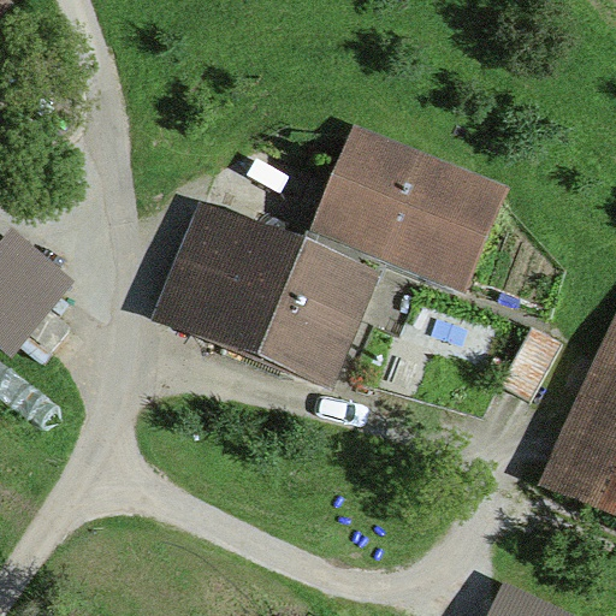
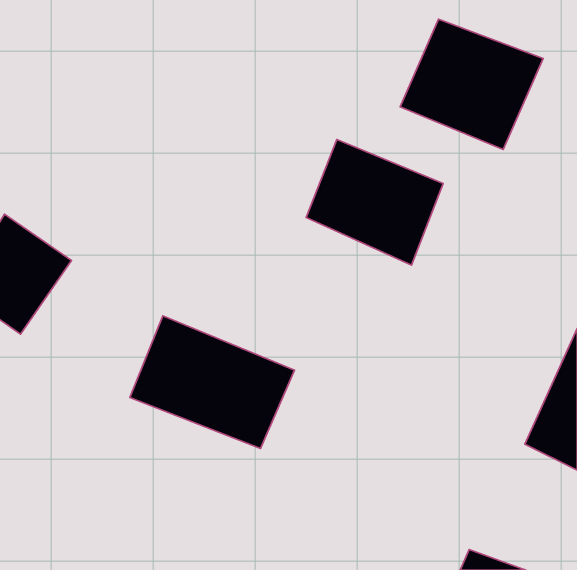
building: none -> [400,19,543,150]
building: [170,226,344,367] -> [130,316,294,448]

